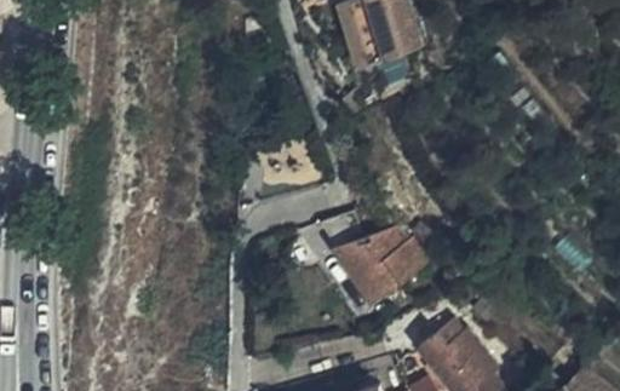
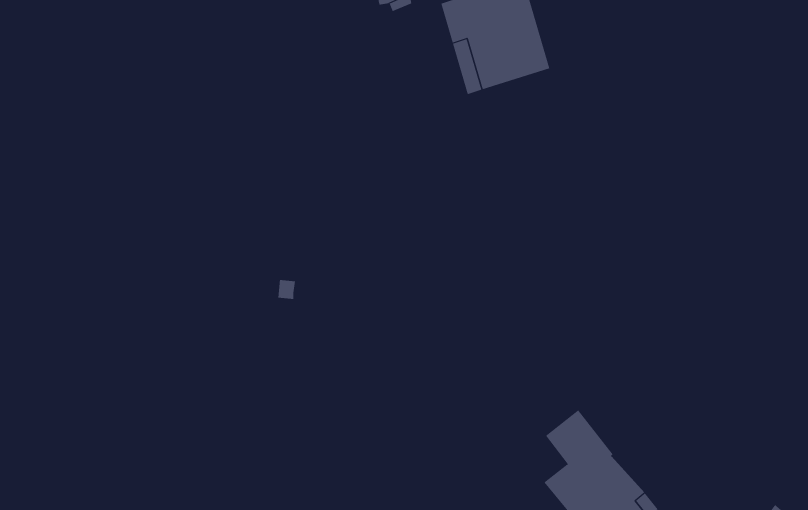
building: [320,220,426,306] -> none

